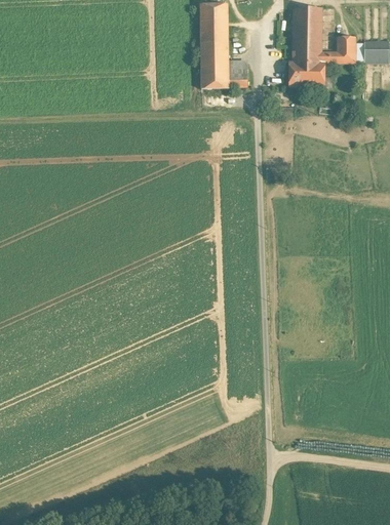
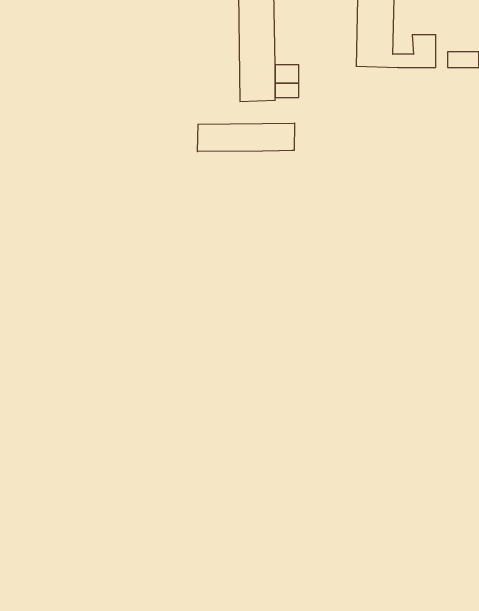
building: [288,60,325,85] -> none
building: none -> [198,123,295,152]

